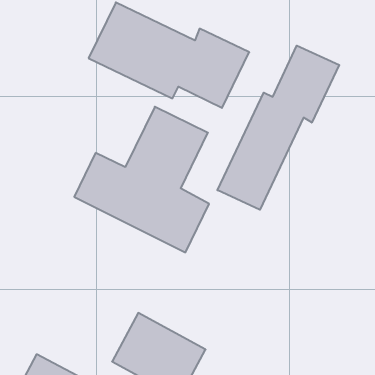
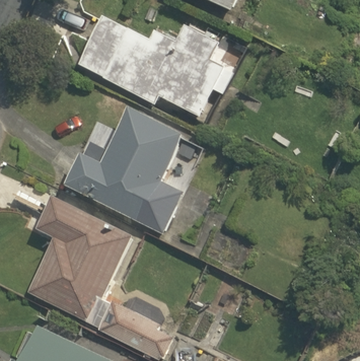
building: [217,46,339,210] -> none
building: none -> [28,193,133,321]

